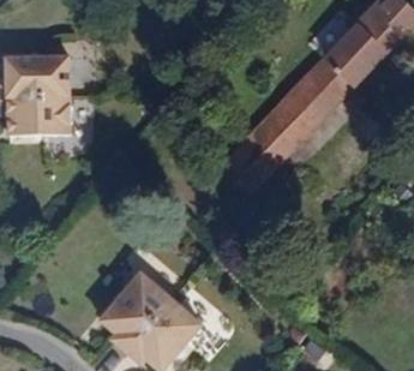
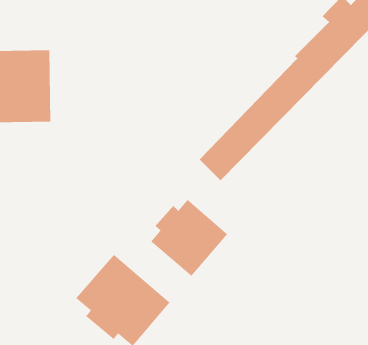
building: none -> [150,199,228,277]

